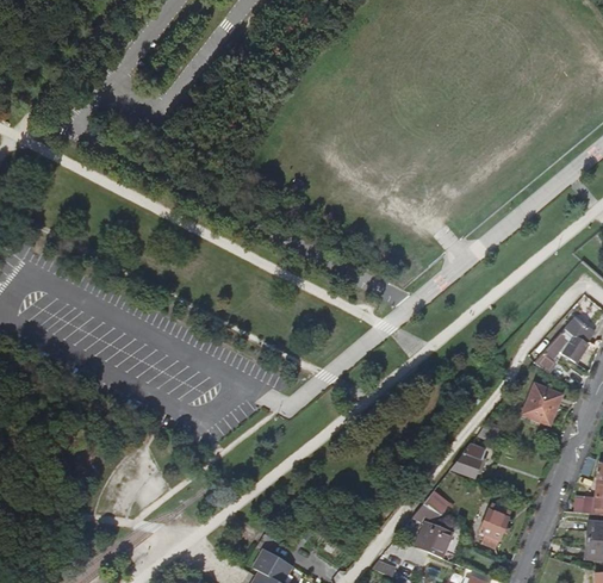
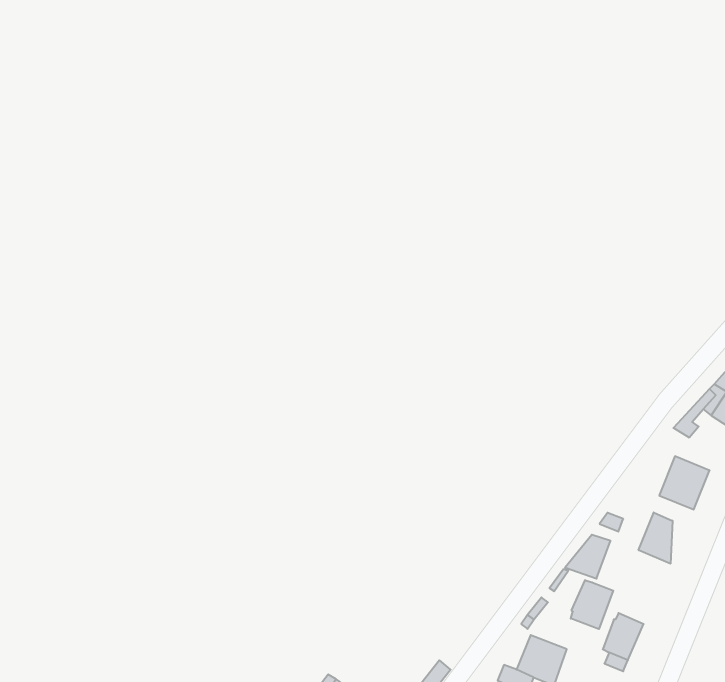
building: none -> [639,512,673,564]
building: none -> [571,580,613,629]

